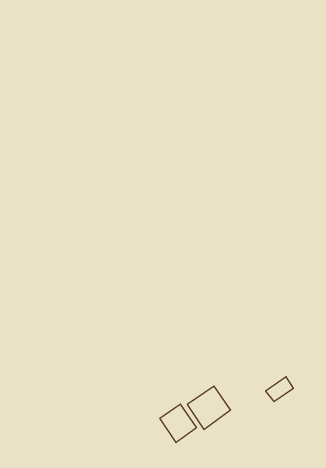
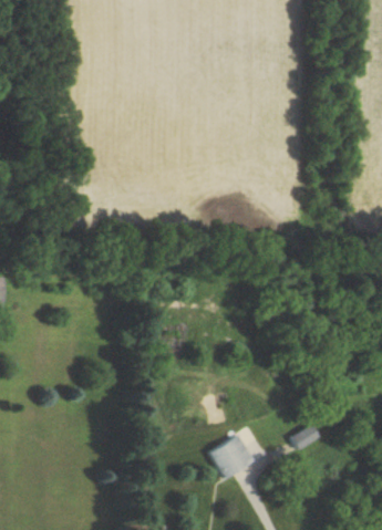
building: [160,404,197,443] -> none

